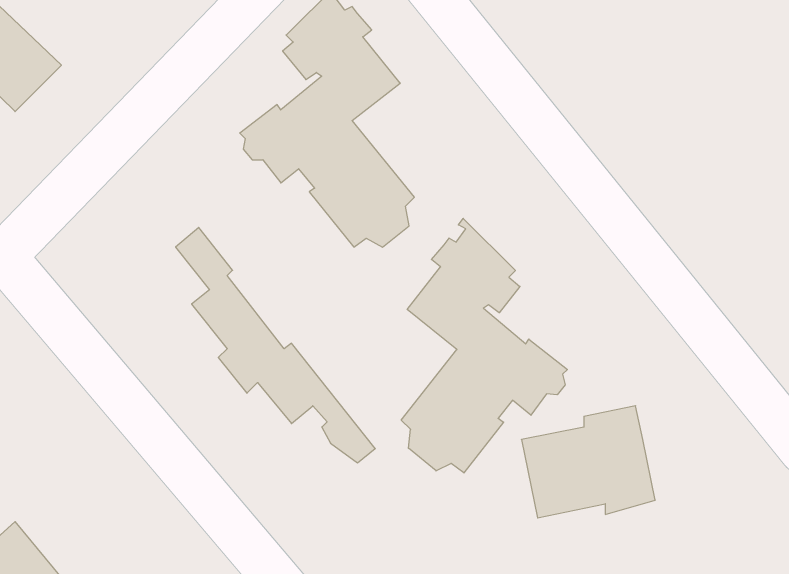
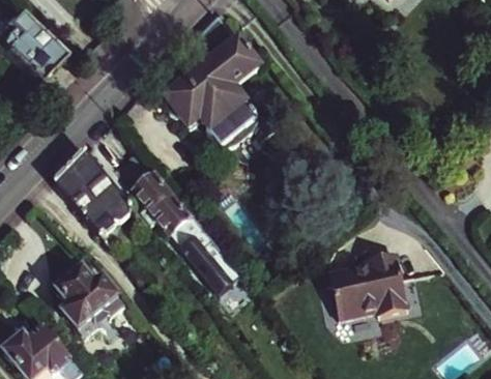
building: [401,218,567,473] -> none
building: none -> [55,148,134,234]
building: none -> [55,266,122,336]

